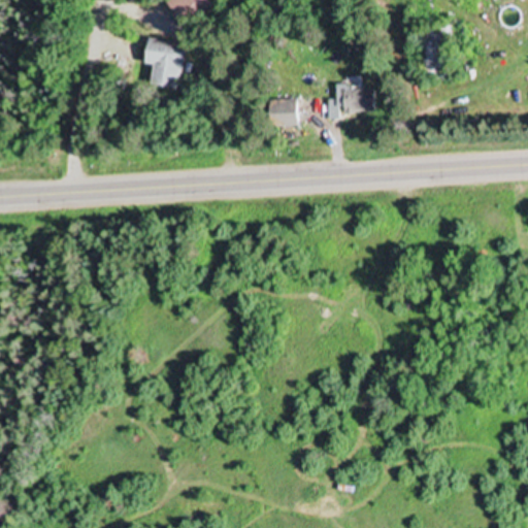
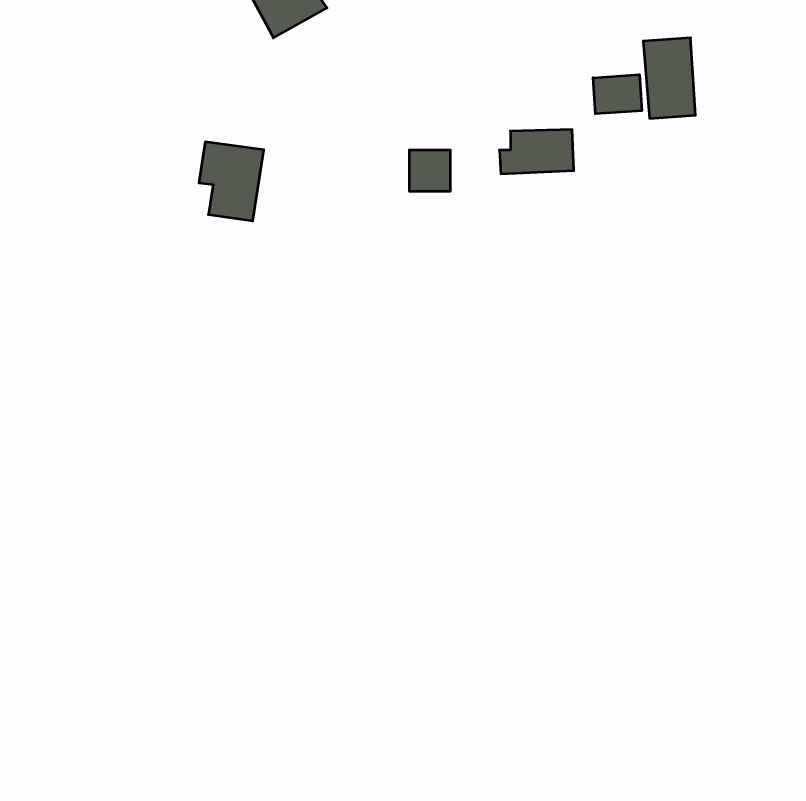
building: [142,36,185,88] -> [199,142,264,221]
building: none -> [593,75,642,114]

